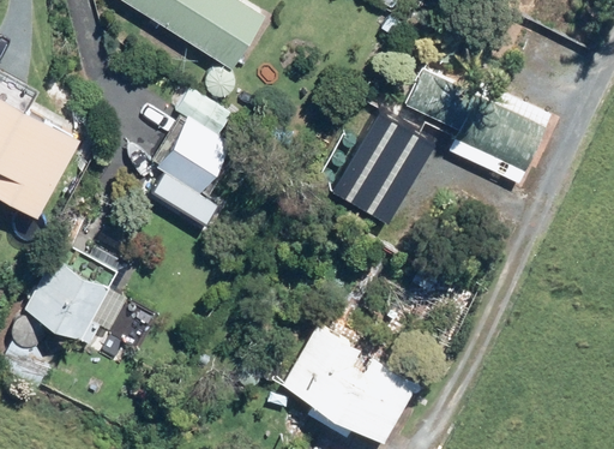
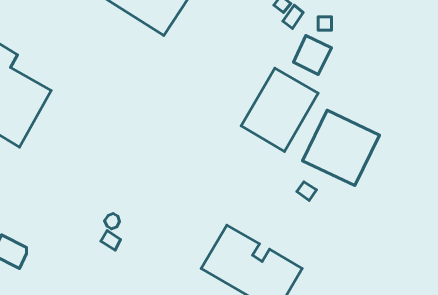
building: [447,80,552,182] -> [302,110,380,186]
building: [150,114,235,197] -> none
building: [25,240,116,343] -> none

